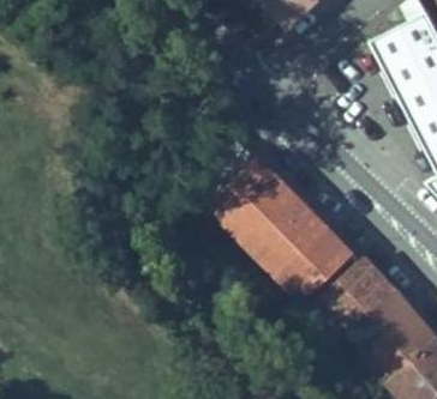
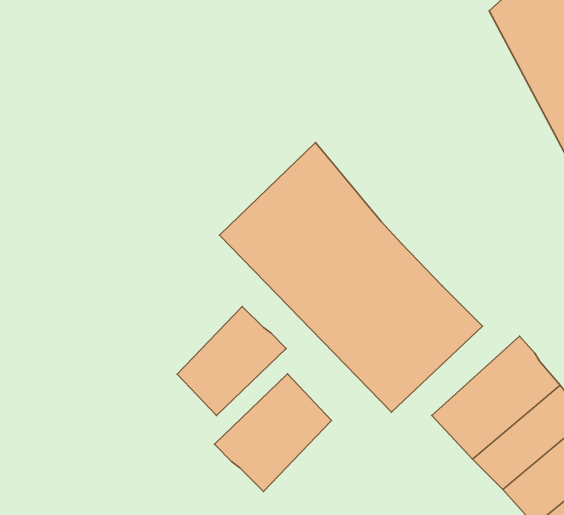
building: none -> [177,306,286,416]
building: none -> [215,374,332,491]

